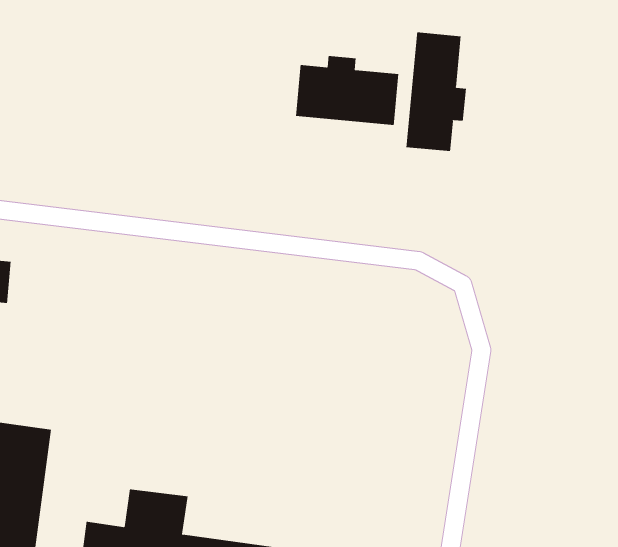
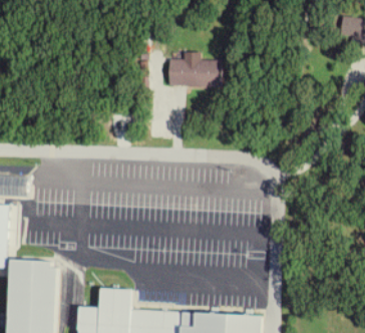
building: [406,32,466,152] -> none

